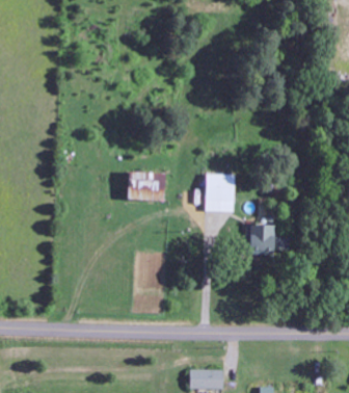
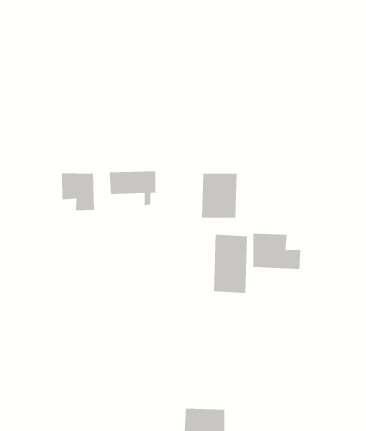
building: none -> [62,173,95,211]
building: none -> [213,234,247,294]

